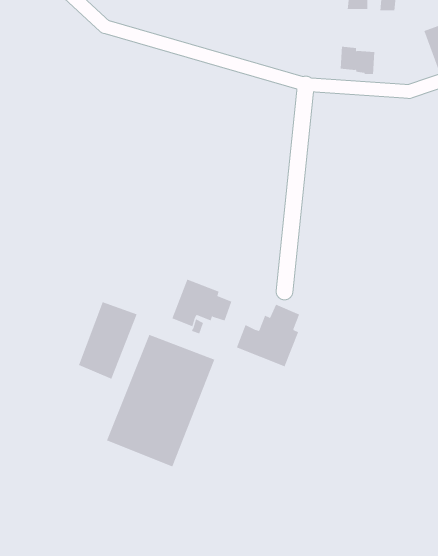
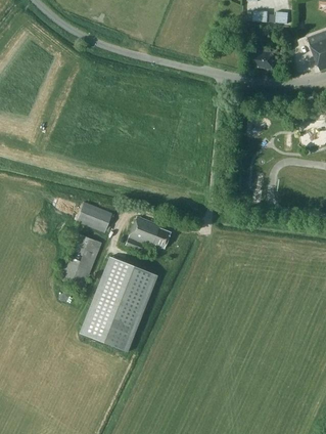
building: none -> [75,201,111,232]
building: [236,304,300,367] -> none

